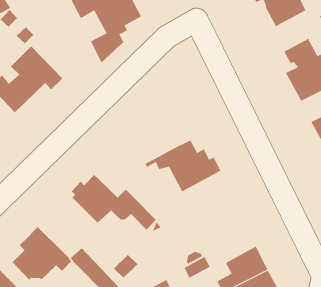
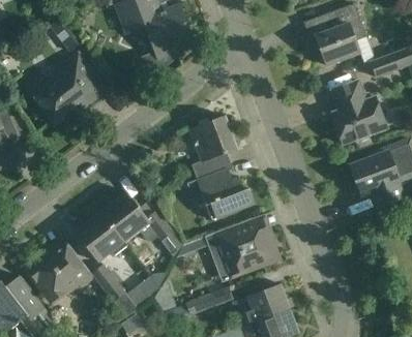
building: none -> [189,116,237,180]
building: none -> [208,212,274,274]
building: none -> [75,212,125,261]

